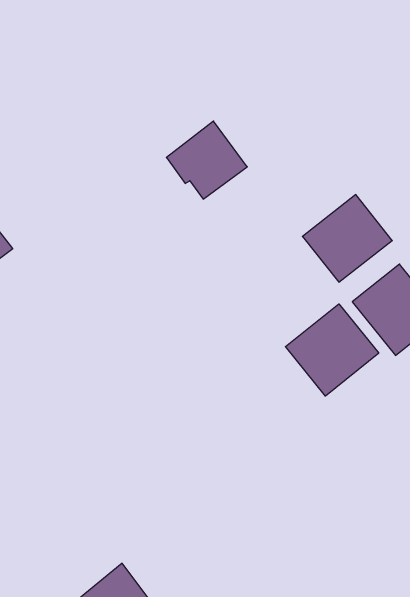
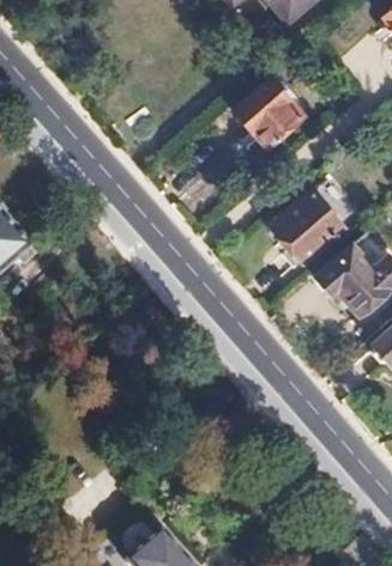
building: [166,121,247,199] -> [236,79,303,144]
building: [285,304,379,396] -> none

